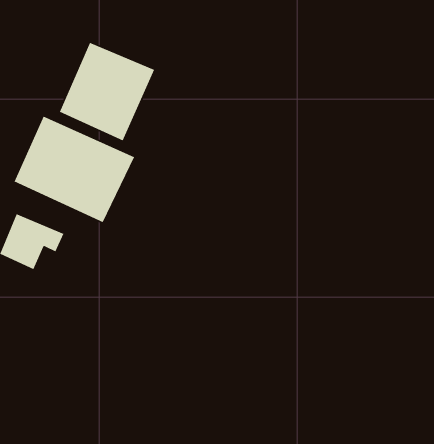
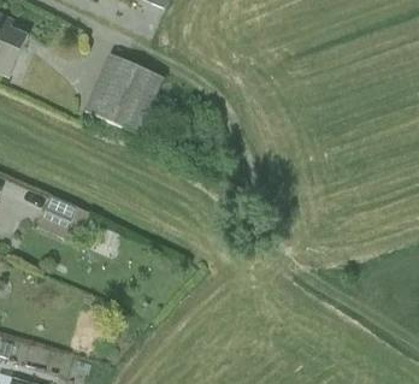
building: [14,115,135,223] -> none

